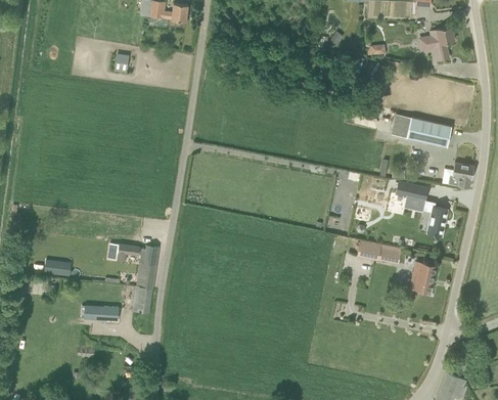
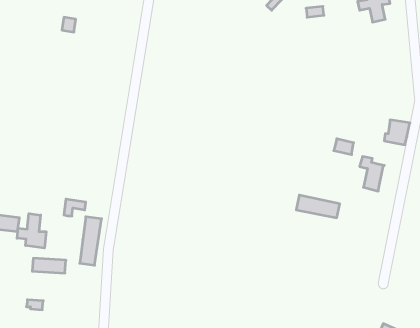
building: [403,116,450,146] -> none
building: none -> [17,214,46,248]
building: [412,261,435,293] -> none

